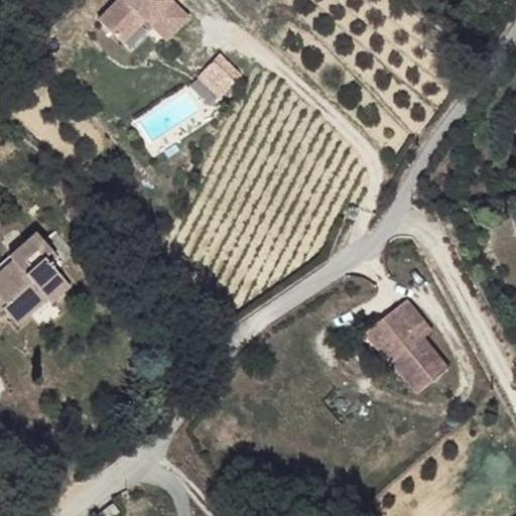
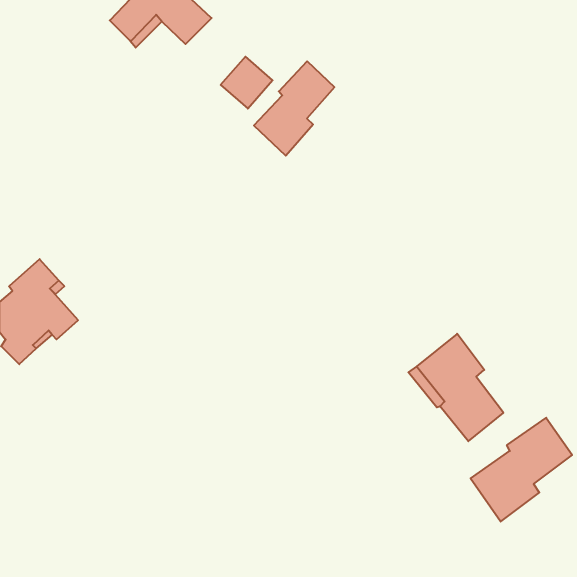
building: none -> [254,61,334,156]
building: none -> [471,418,572,522]

